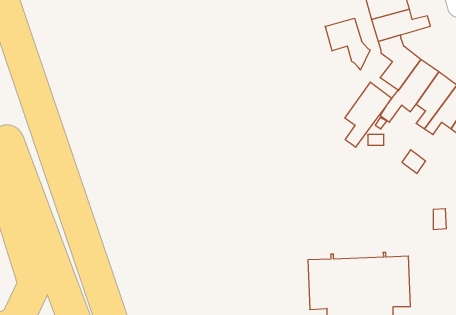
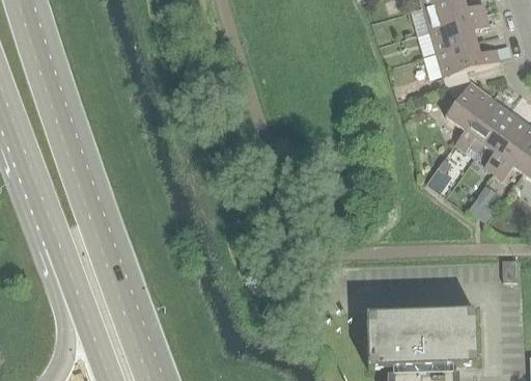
building: [325,18,370,70] -> none
building: [345,82,392,147] -> none

